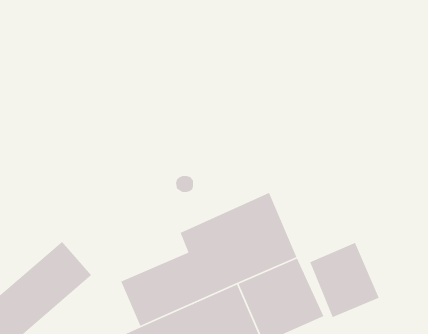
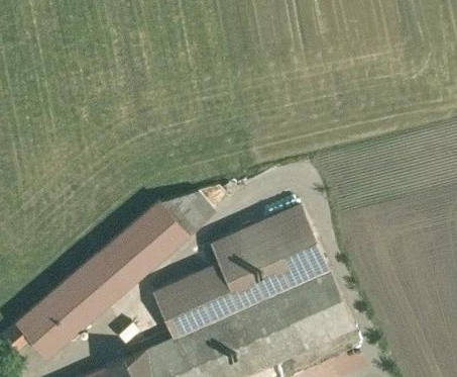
building: none -> [98,203,187,288]
building: [309,242,380,318] -> none

